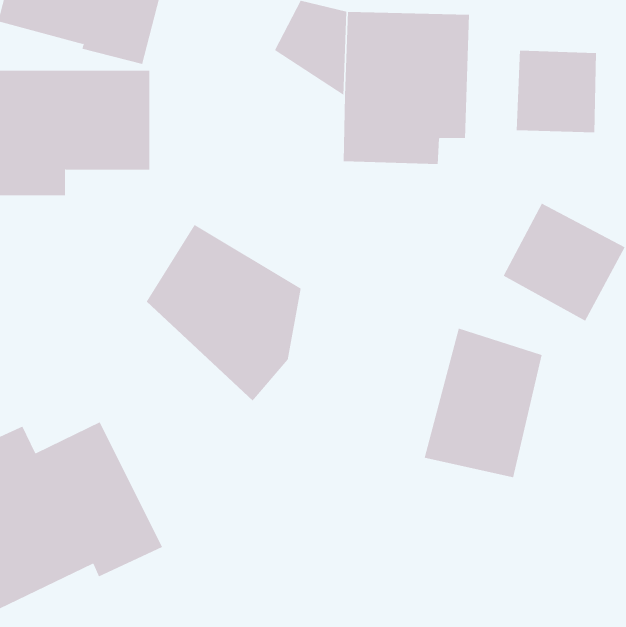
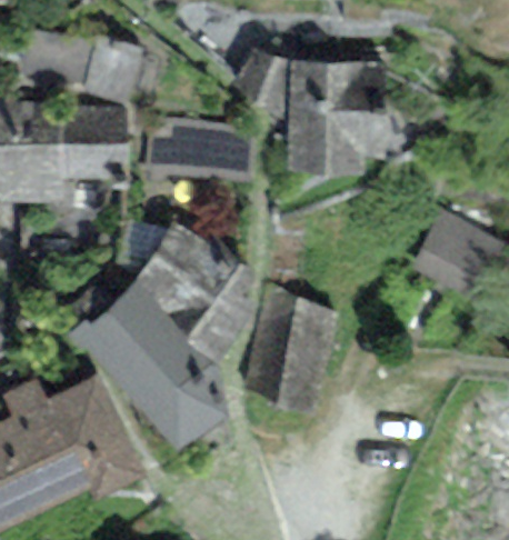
building: [516,50,597,133] -> none
building: none -> [143,117,250,179]
building: none -> [63,282,227,451]
building: [424,328,542,478] -> [241,291,333,408]

